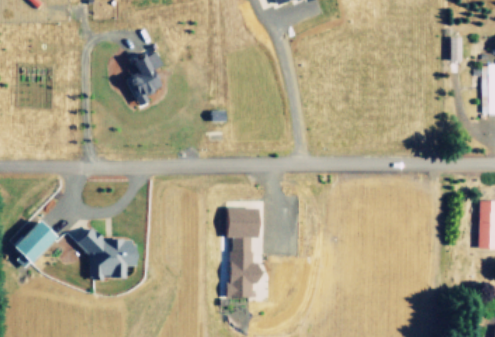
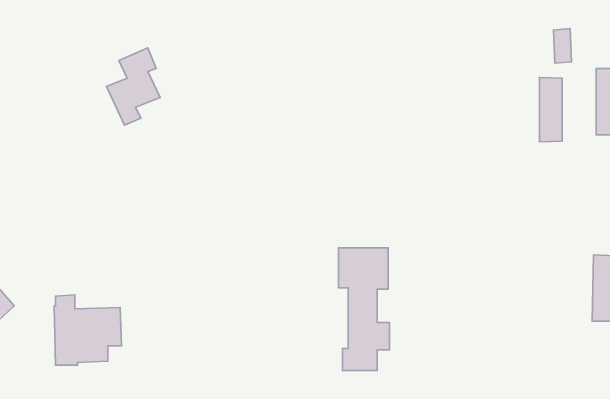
building: none -> [539,78,562,142]
building: [224,208,261,297] -> [338,248,389,371]

